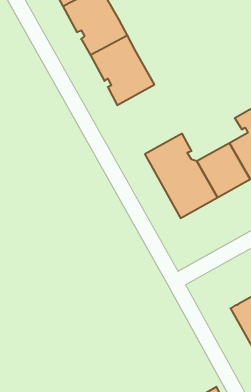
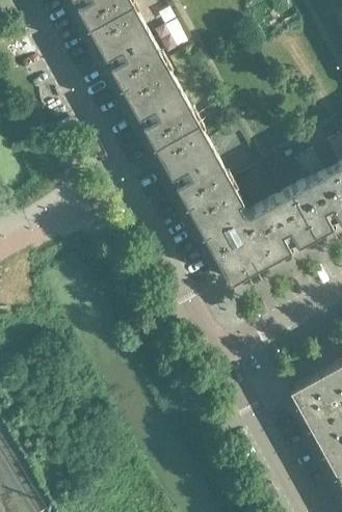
building: none -> [154,125,232,209]

